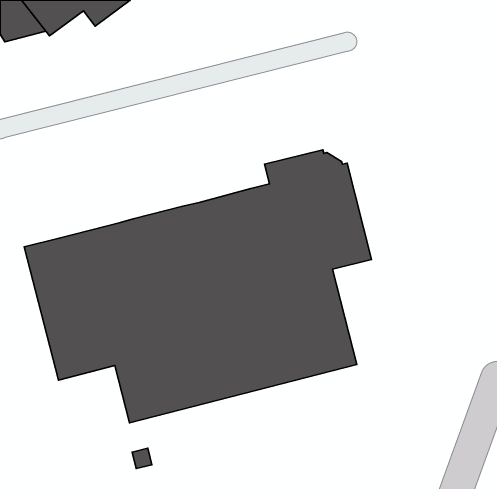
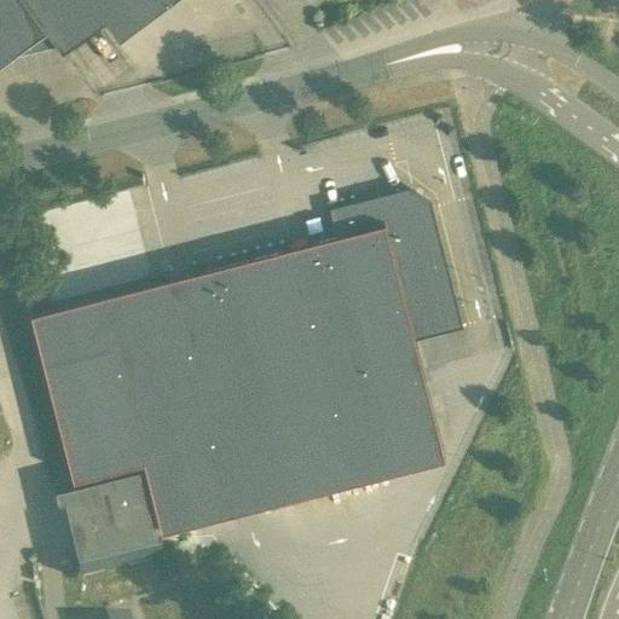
building: none -> [51,478,160,592]

